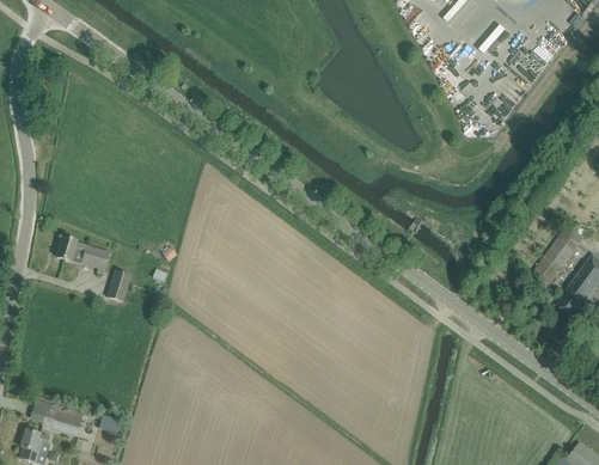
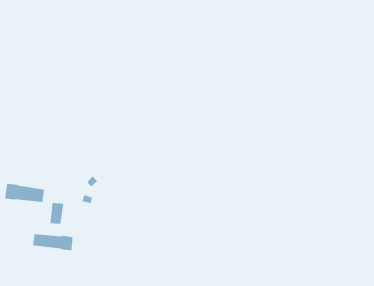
building: none -> [32,233,74,251]

